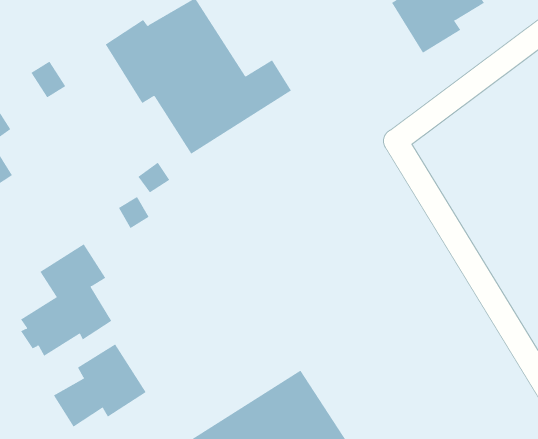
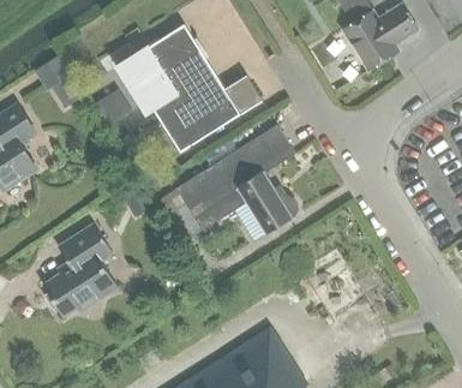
building: none -> [175,125,296,234]
building: [53,344,146,428] -> none

